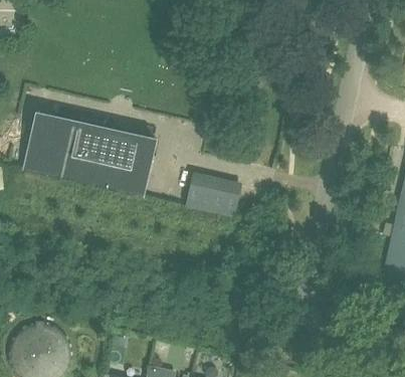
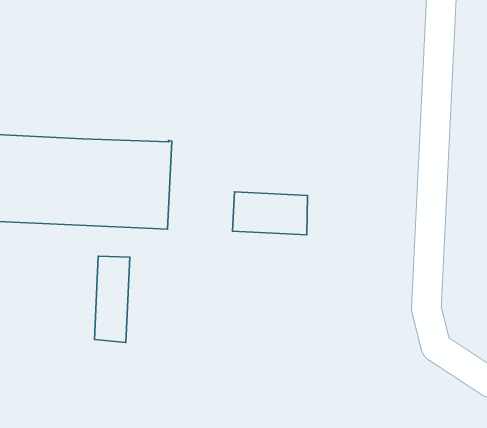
building: none -> [95,256,130,342]

